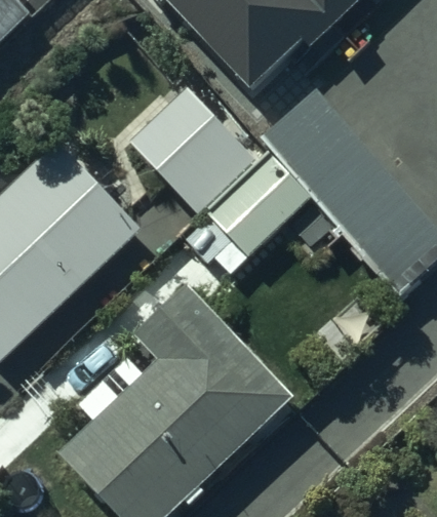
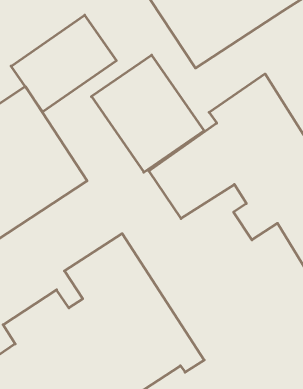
building: none -> [11,15,116,112]

